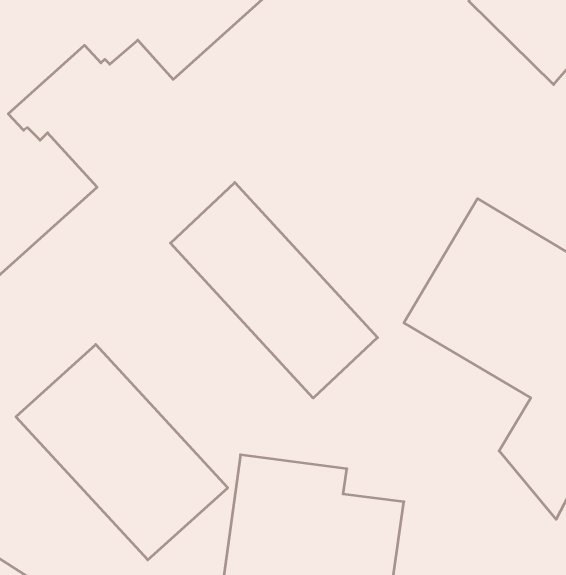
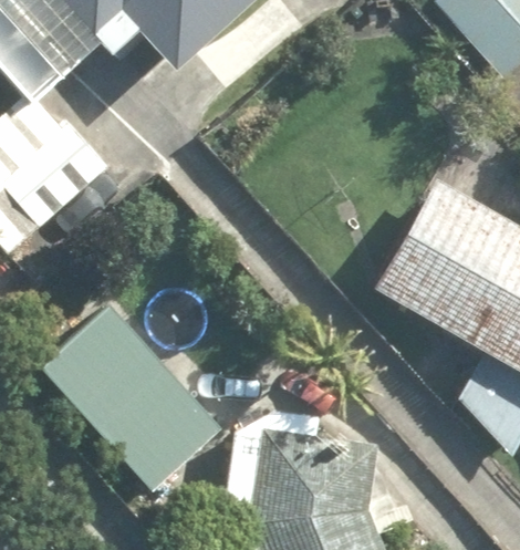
building: [170,182,378,398] -> none

